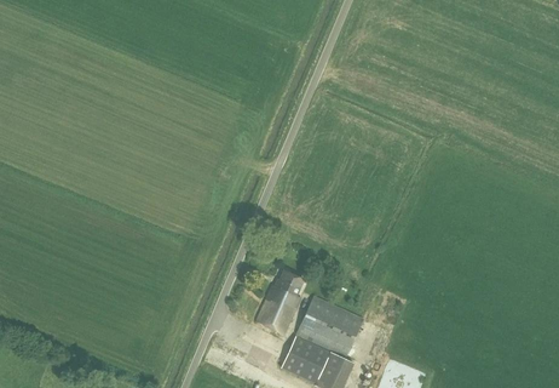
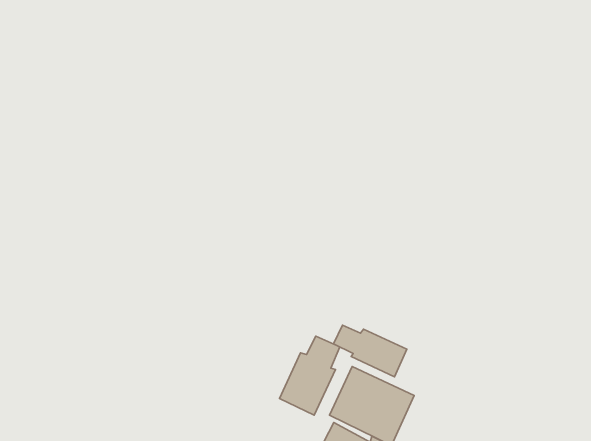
building: none -> [333,325,407,377]

